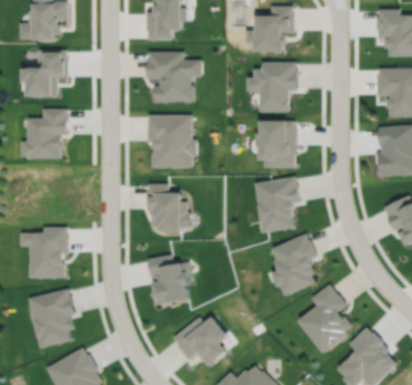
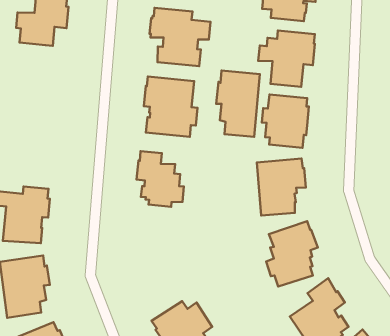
building: none -> [216,71,260,137]
building: [20,109,68,158] -> none
building: [146,254,190,306] -> none

